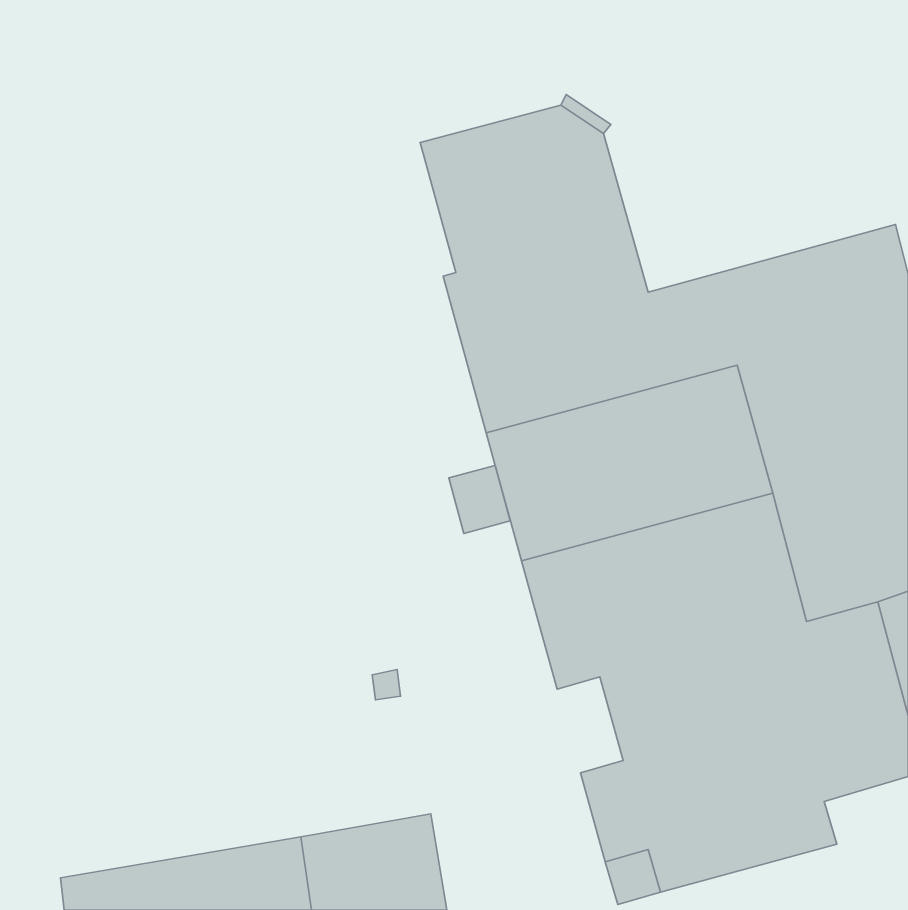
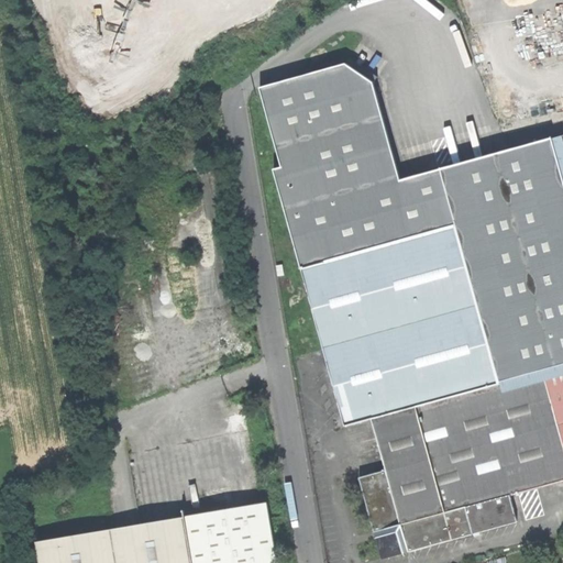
building: [449,465,510,533] -> none

